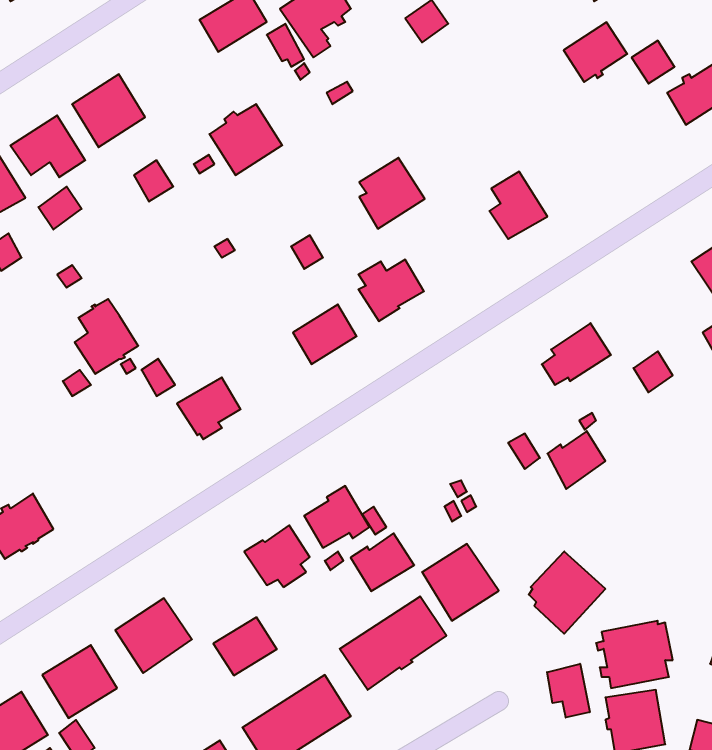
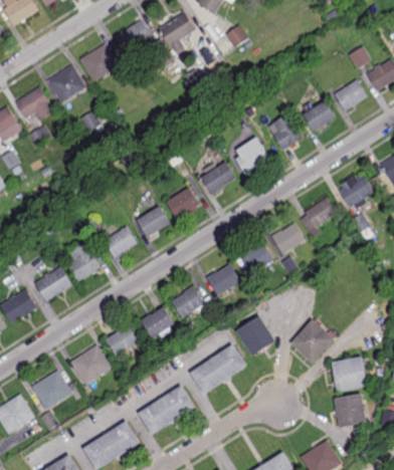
building: [564,22,627,82] -> [334,78,368,110]
building: [209,104,282,175] -> [79,42,119,80]
building: none -> [302,98,336,131]
building: [359,158,425,229] -> [235,139,270,177]
building: none -> [339,174,374,209]
building: [75,299,138,374] -> [67,241,102,281]
building: none -> [137,205,171,237]
building: none -> [239,242,273,274]
building: [547,431,605,489] -> [273,223,305,254]
building: none -> [34,266,72,301]
building: [351,533,414,591] -> [208,263,242,294]
building: [213,617,277,675] -> [105,324,139,356]
building: [547,664,590,718] -> none

